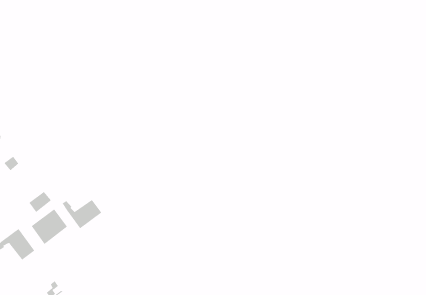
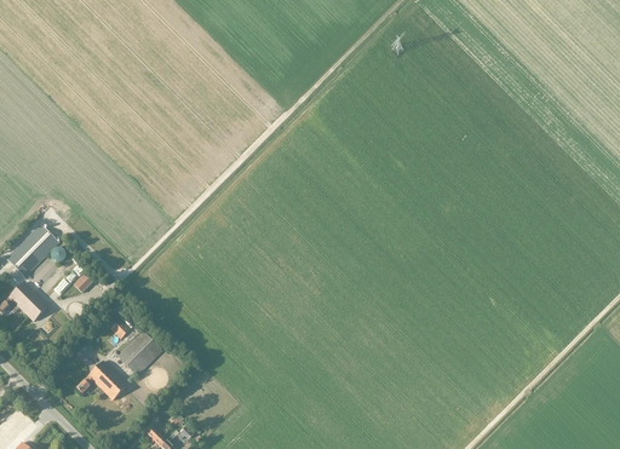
building: [62,199,102,229] -> none

